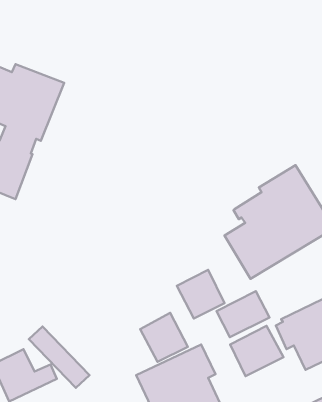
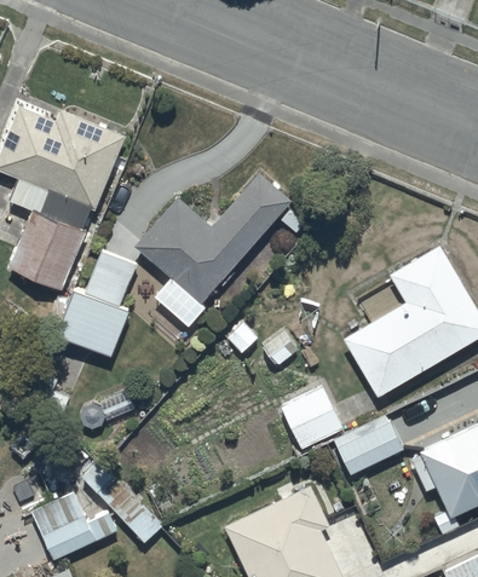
building: none -> [133,172,292,304]
building: none -> [54,250,137,358]
building: [140,313,188,362] -> none
building: [230,326,283,376] -> none

